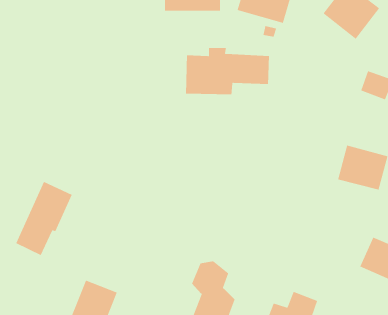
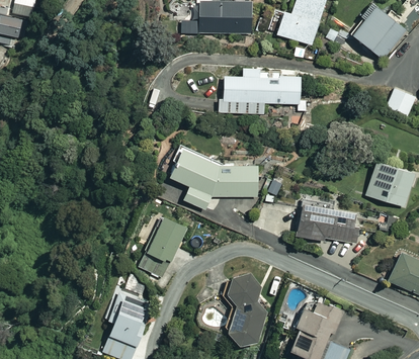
building: none -> [167,148,259,208]
building: [15,181,73,256] -> [131,213,186,286]
building: none -> [294,204,359,244]

